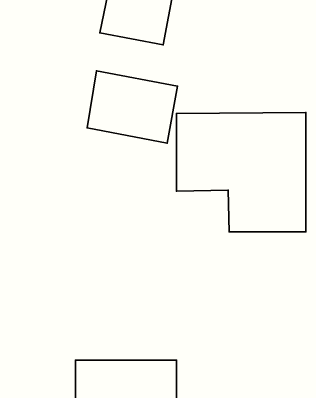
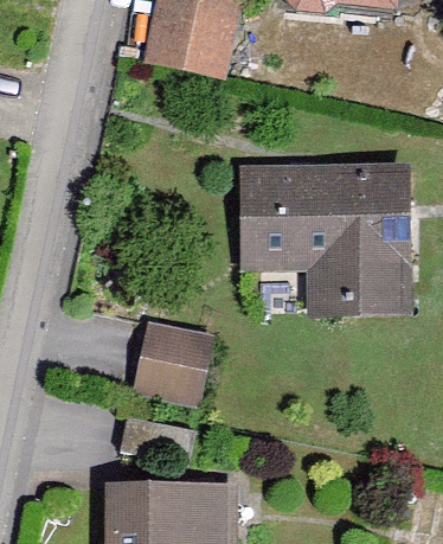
building: [87,71,178,143] -> none
building: none -> [130,324,208,409]

